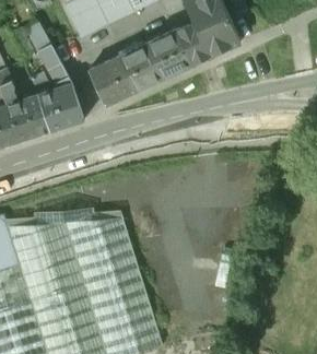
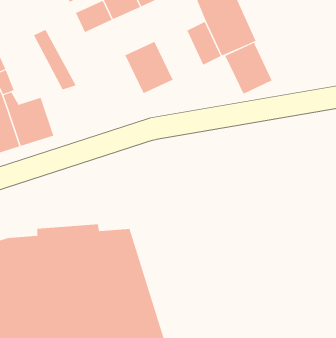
building: [145,30,190,79] -> [224,42,272,95]
building: [87,56,134,106] -> none
building: [32,73,83,131] -> none

